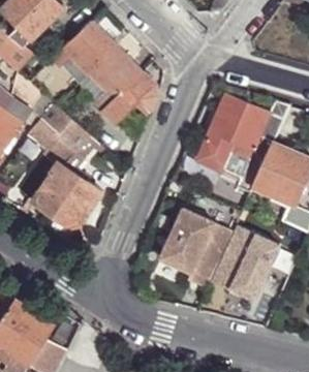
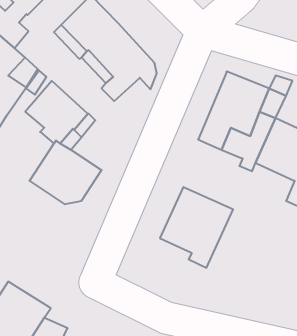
building: [208,226,279,302] -> none

